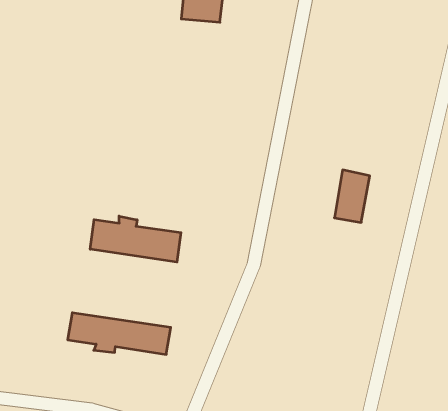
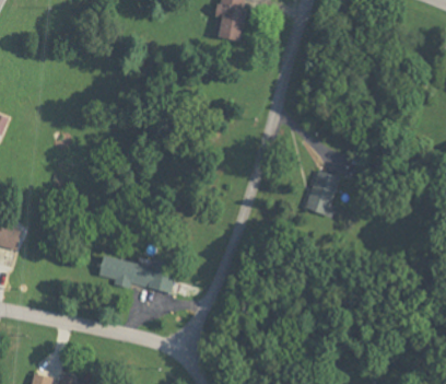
building: [90,216,181,262] -> none

